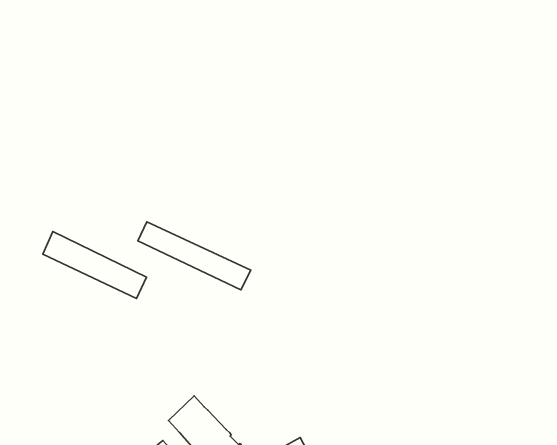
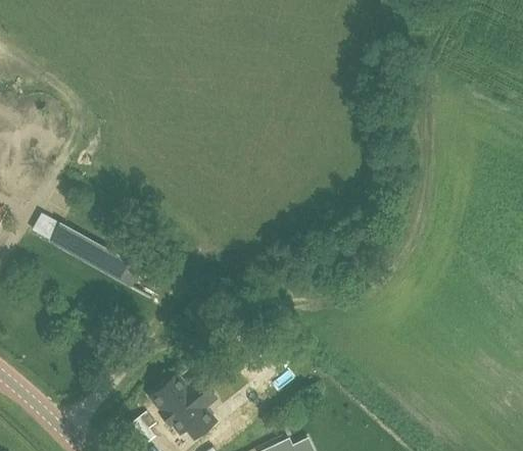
building: [138,222,251,290] -> none

